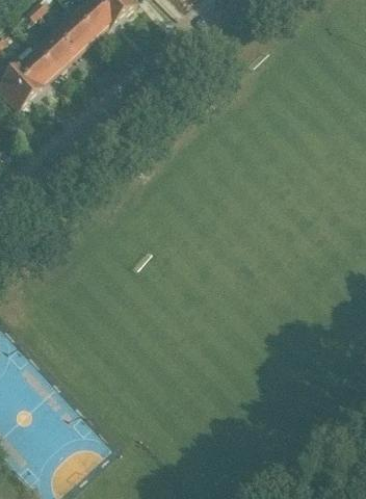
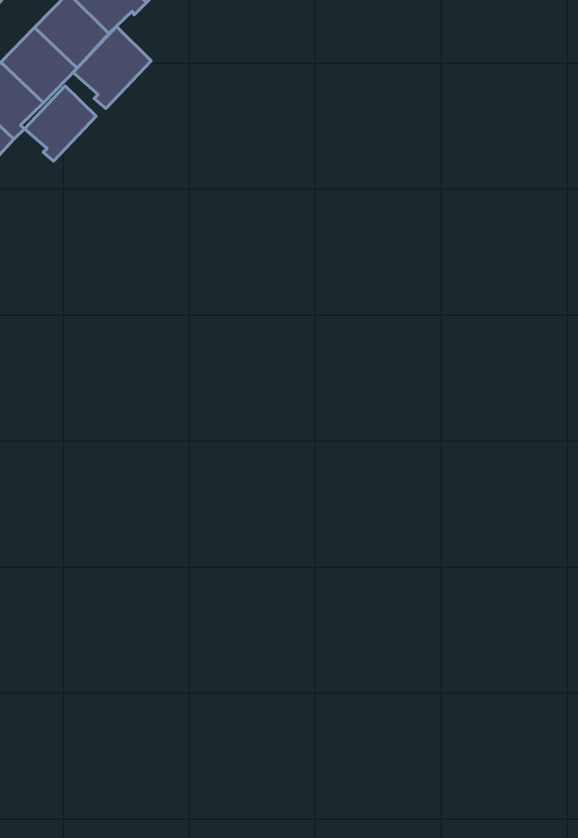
building: none -> [73,27,151,109]
building: none -> [24,86,96,161]

